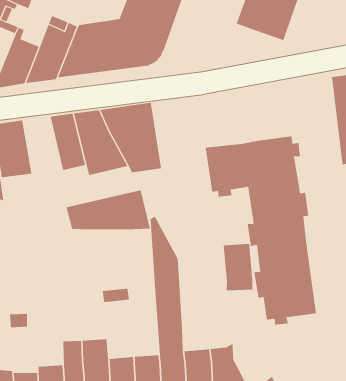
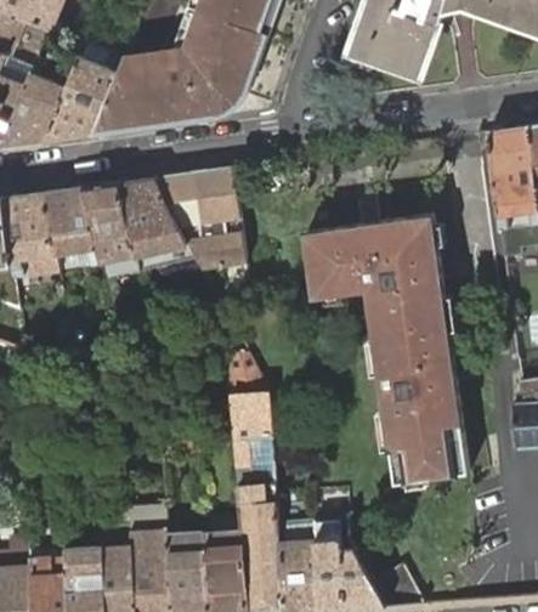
building: none -> [43,188,96,256]
building: [66,189,150,230] -> none
building: [223,243,253,291] -> none

